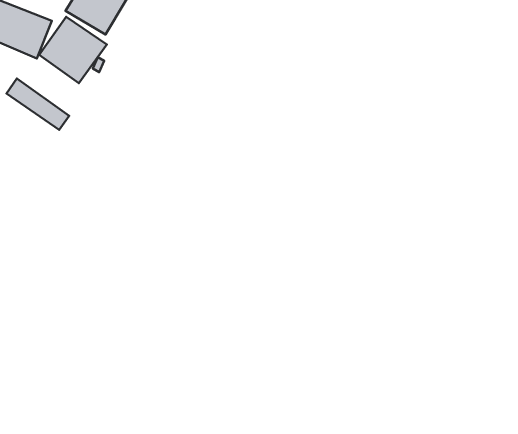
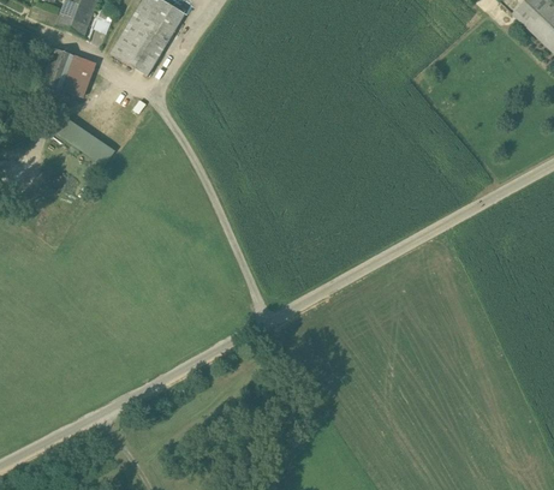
building: [39,17,107,83] -> none

